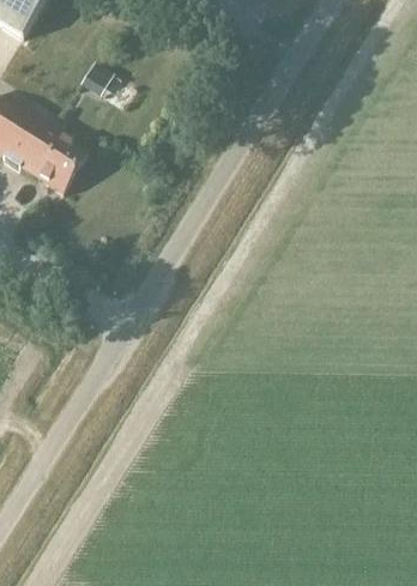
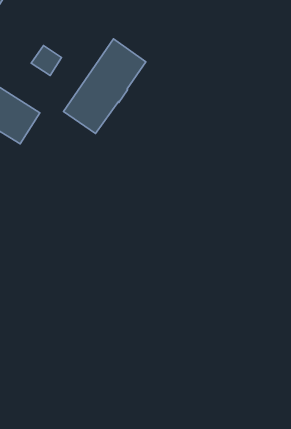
building: none -> [64,39,146,133]

